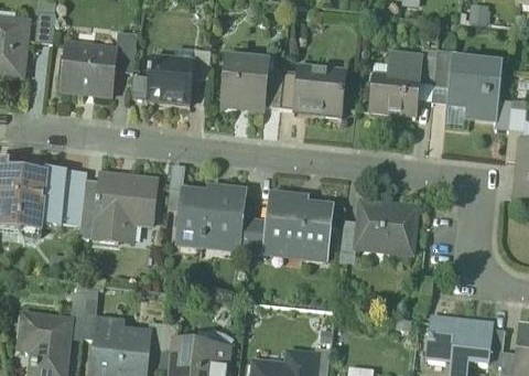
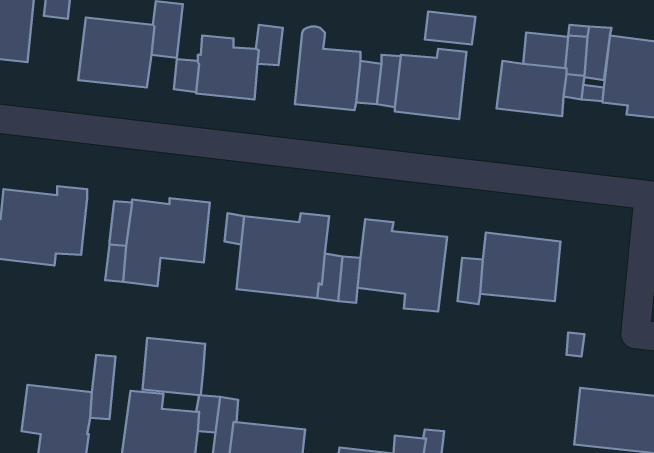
building: none -> [425,12,475,45]
building: [63,175,86,207] -> none
building: none -> [142,338,205,395]

